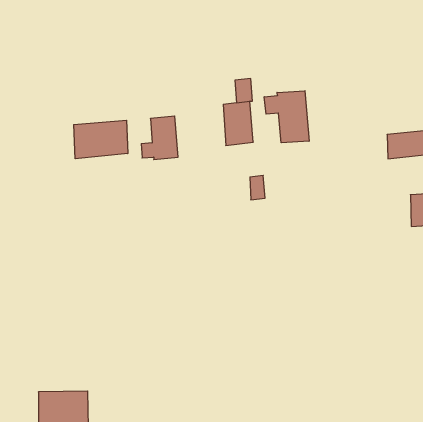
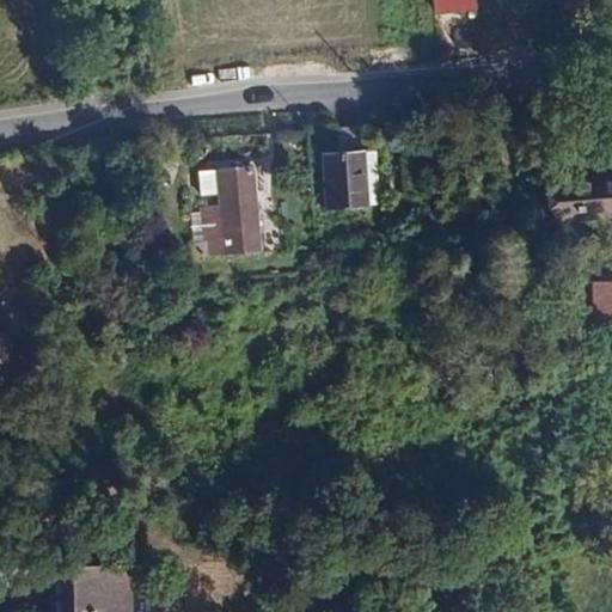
building: [264,91,309,143] -> none
building: [74,120,128,159] -> none

